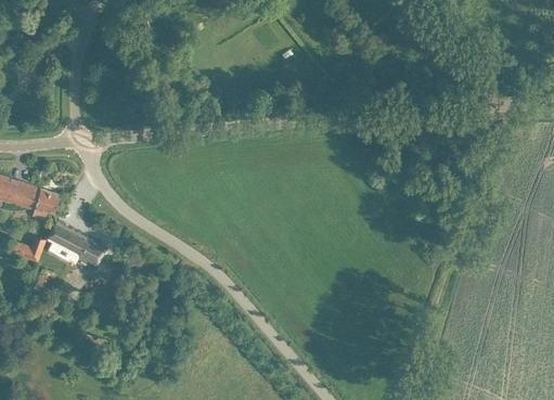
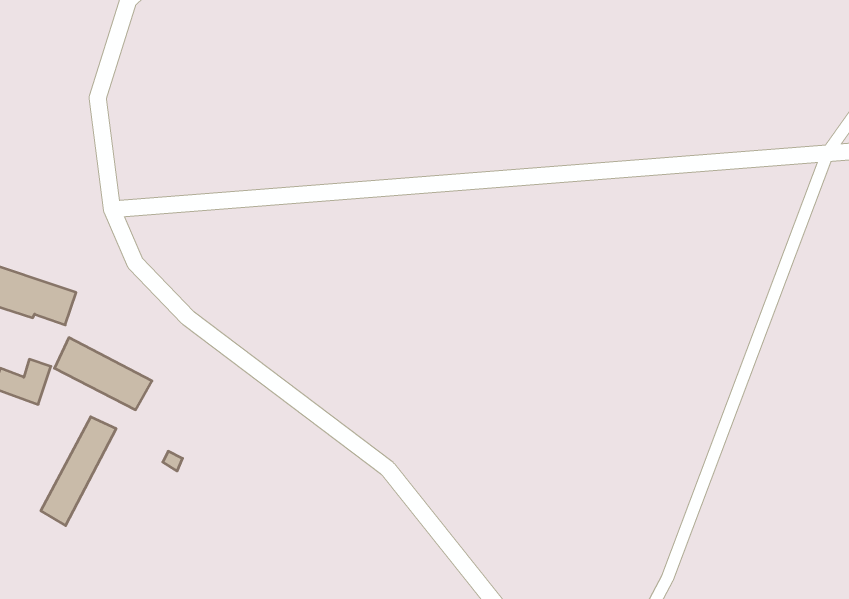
building: none -> [41,417,116,526]

